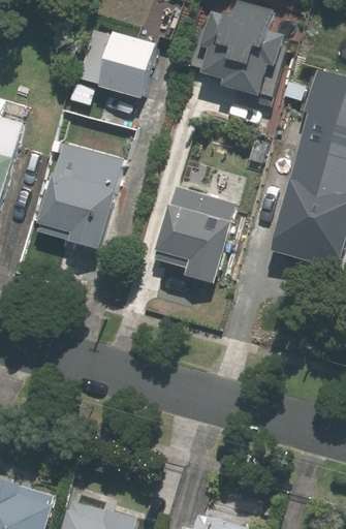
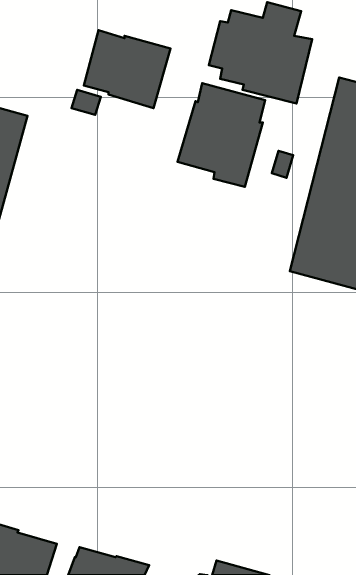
building: [38,144,122,248] -> none
building: [153,187,233,282] -> [177,83,265,187]

